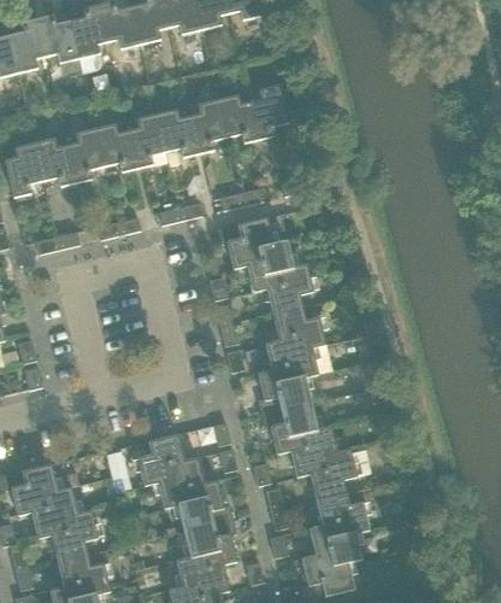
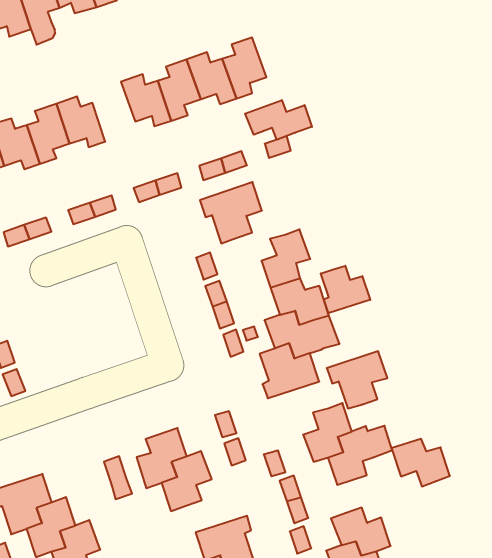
building: [128,113,165,166] -> none
building: none -> [245,100,312,140]
building: [247,240,291,292] -> none
building: none -> [321,266,370,313]
building: [261,403,316,452] -> [327,351,387,408]
building: [178,480,232,529] -> none
building: [317,492,367,535] -> [392,439,450,486]

